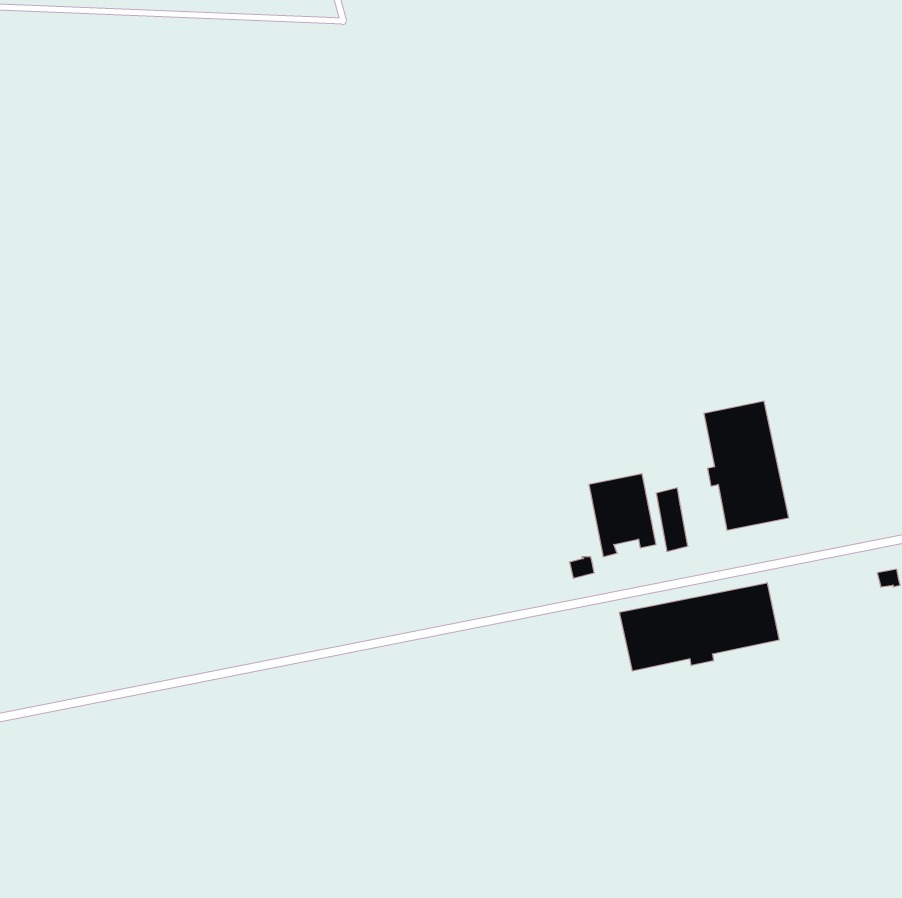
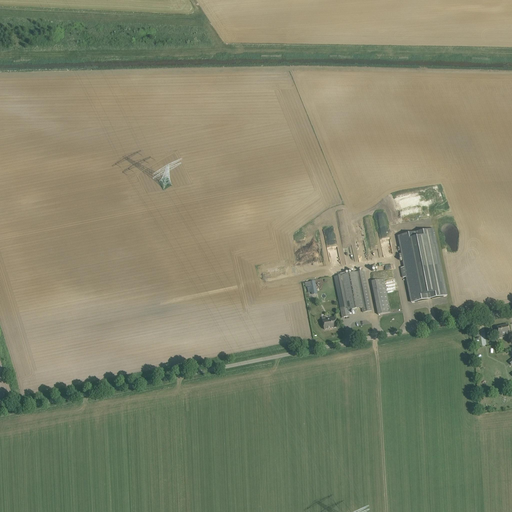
building: [620,583,779,671] -> none

